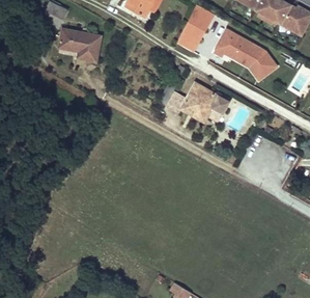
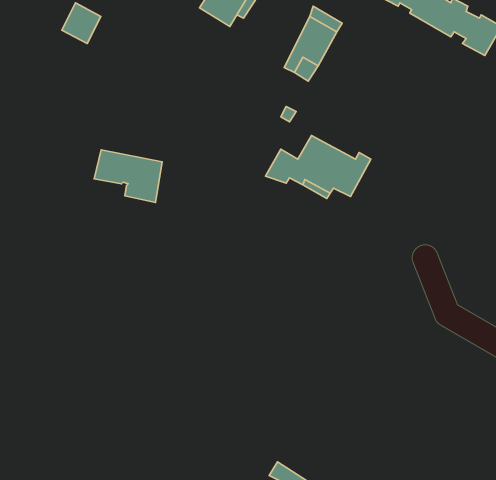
building: [59,29,101,61] -> [94,150,162,203]
building: [217,29,277,79] -> none

